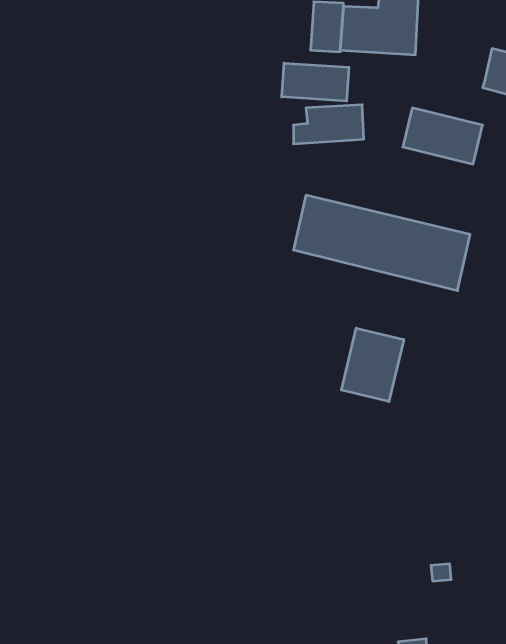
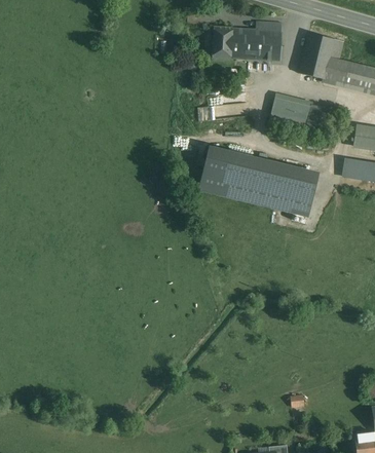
building: none -> [299,32,335,78]
building: [282,63,349,101] -> none
building: [341,328,404,402] -> none

